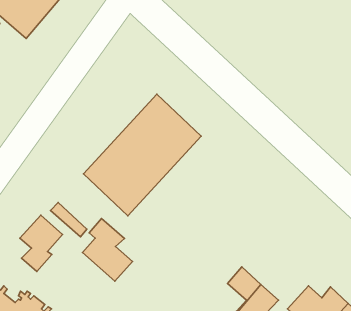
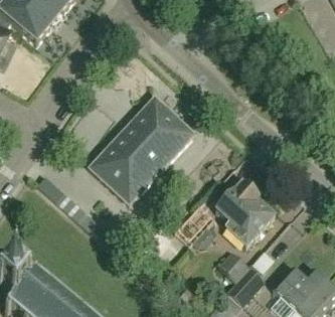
building: none -> [217,184,275,246]
building: [20,215,62,272] -> none
building: [83,218,132,281] -> none

